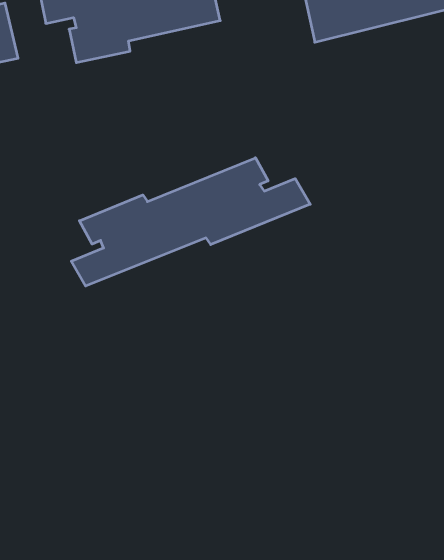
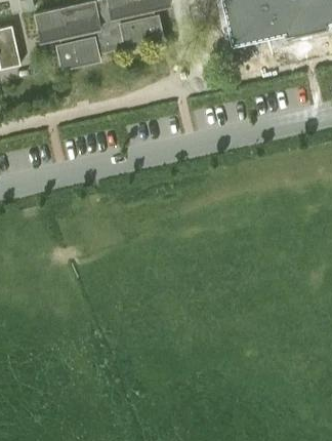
building: [71,158,310,286] -> none

